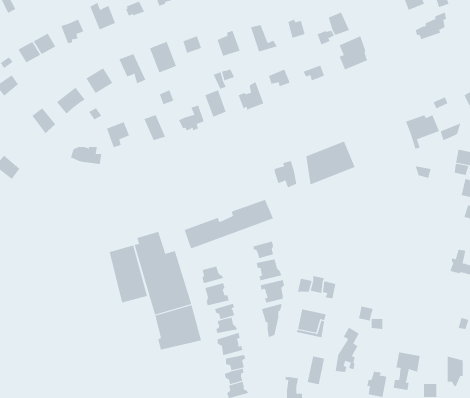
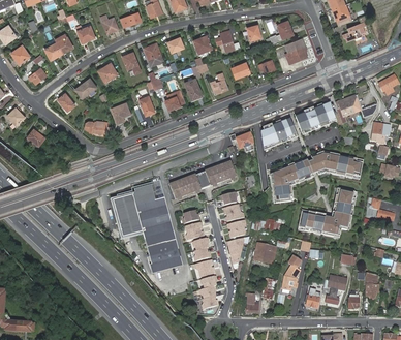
building: none -> [295,100,336,134]
building: none -> [270,153,362,203]
building: none -> [298,189,358,238]

